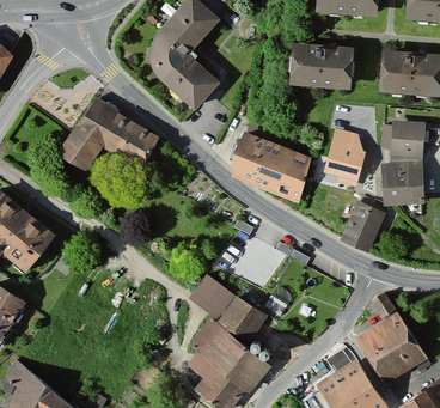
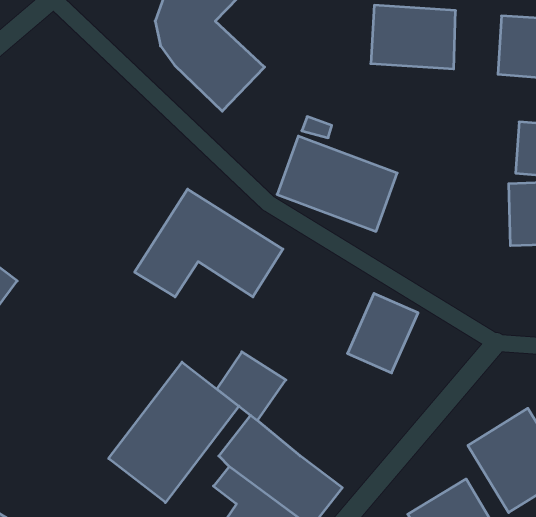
building: [59,92,159,165] -> [135,189,283,297]
building: [325,128,362,176] -> none
building: [341,200,389,254] -> [347,293,418,373]
building: none -> [109,362,239,503]
building: [216,296,267,347] -> none

